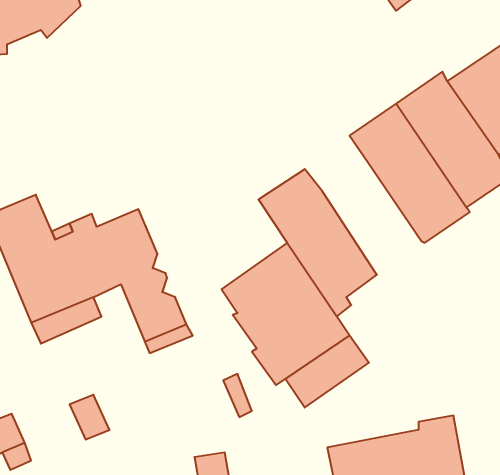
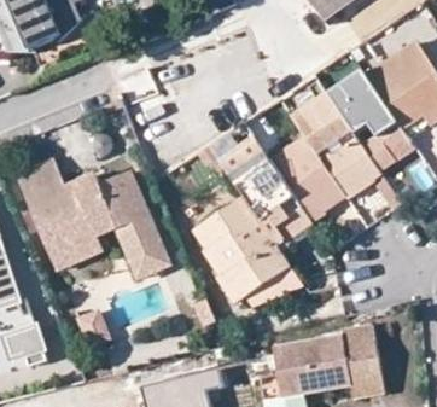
building: none -> [269,133,344,219]

